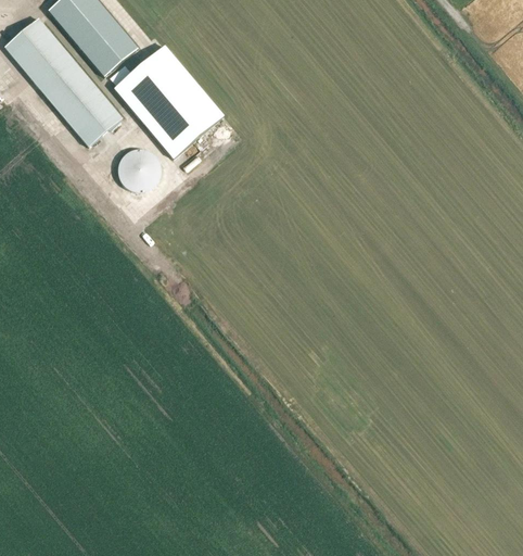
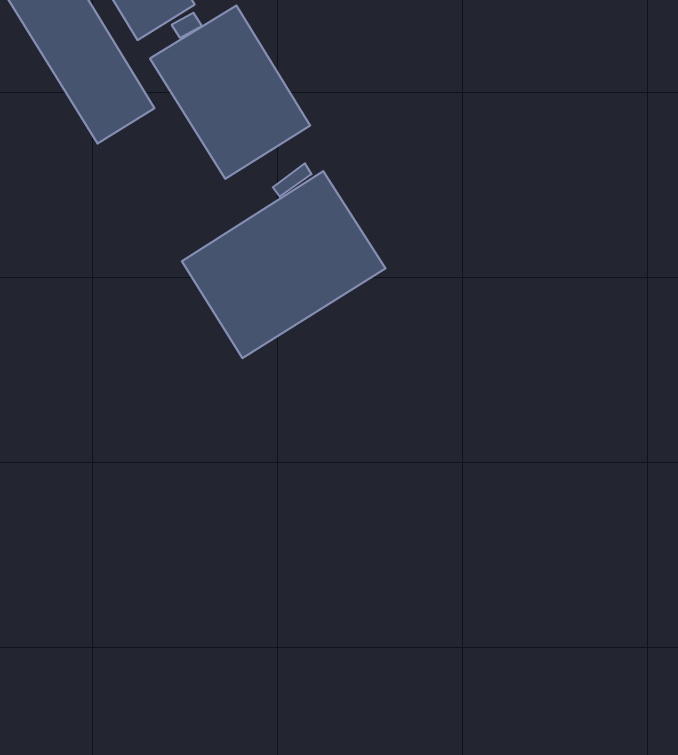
building: none -> [182,171,386,358]
building: [119,149,160,189] -> none

